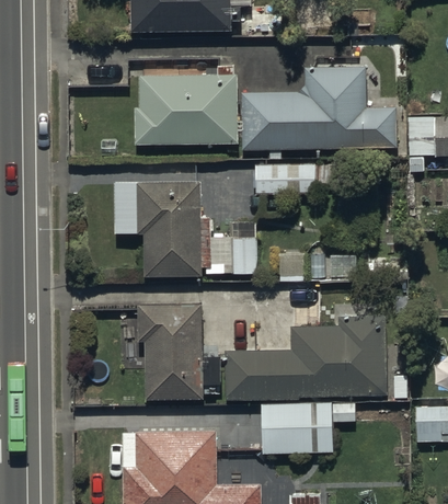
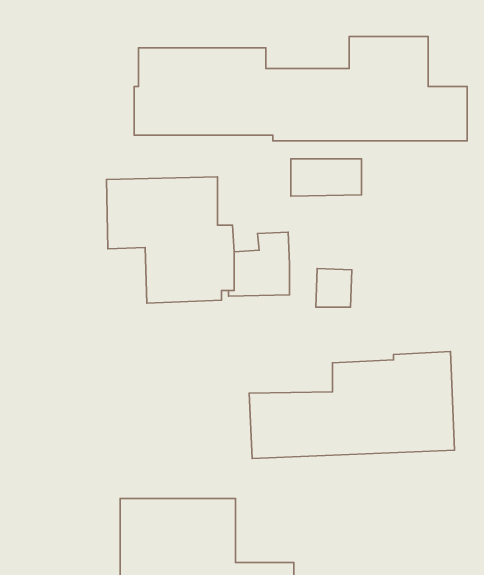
building: [137,305,219,400] -> none
building: [261,403,332,454] -> none

